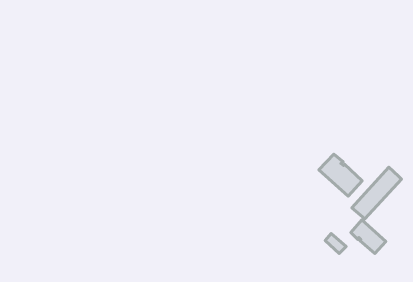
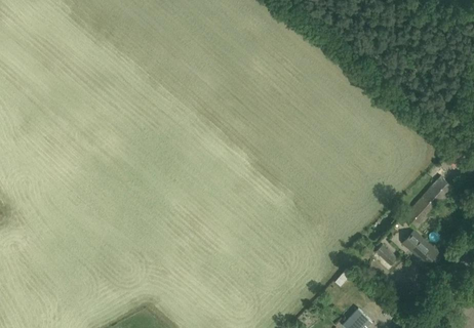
building: [319,154,362,196] -> none

